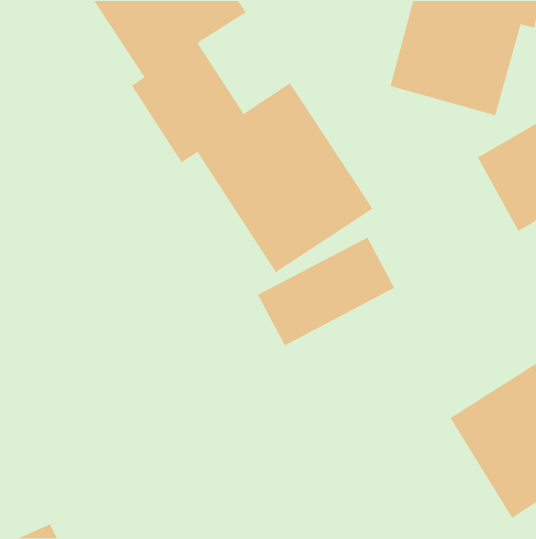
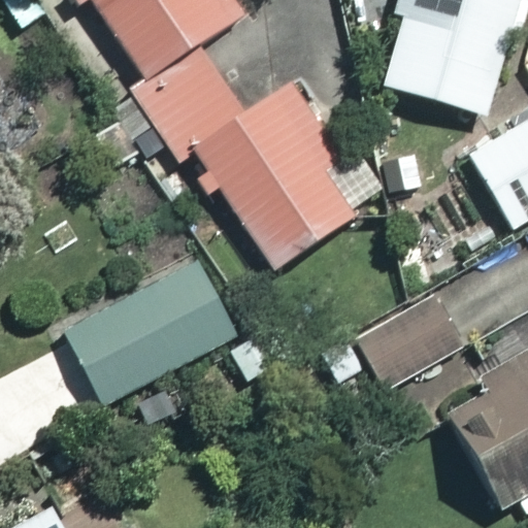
building: [257,237,395,346] -> [323,300,458,407]
building: none -> [64,256,239,408]

